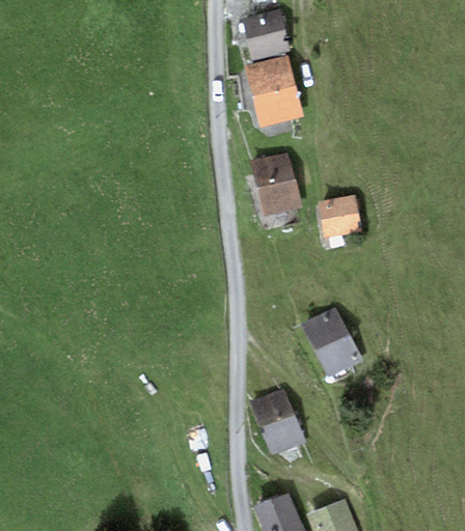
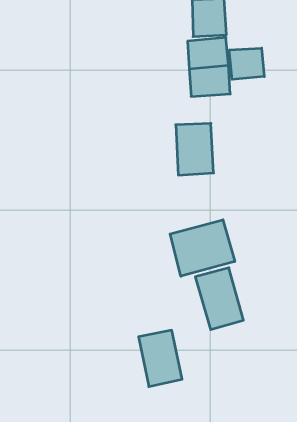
building: none -> [229,48,264,79]
building: [318,195,360,236] -> none
building: none -> [170,220,235,276]

